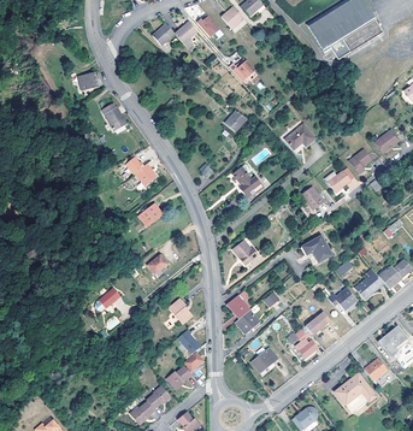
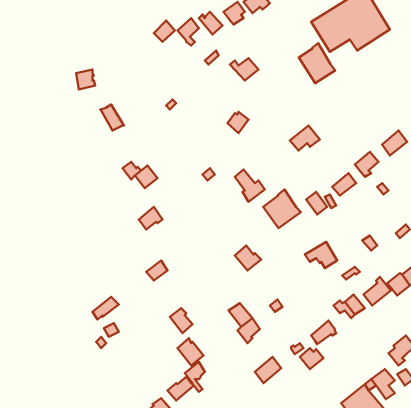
building: none -> [299,43,335,83]
building: none -> [263,189,301,228]

